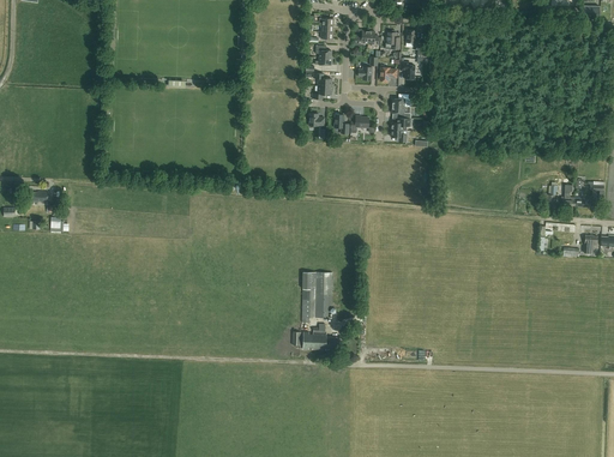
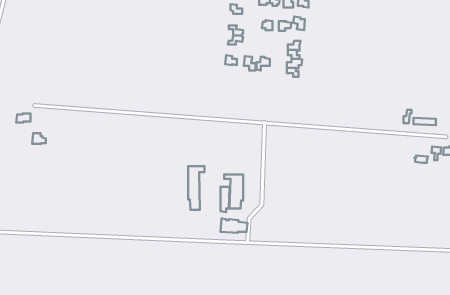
building: none -> [188,166,205,210]

